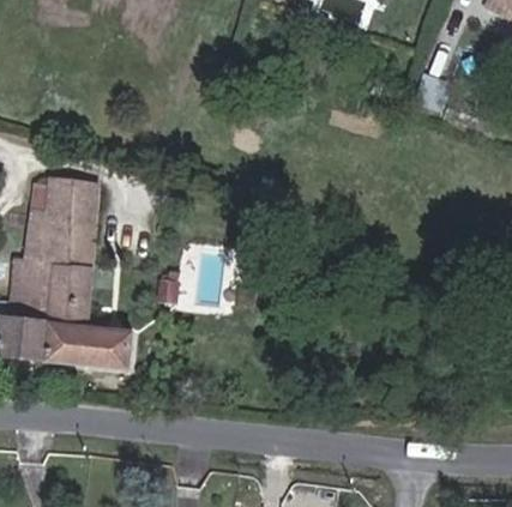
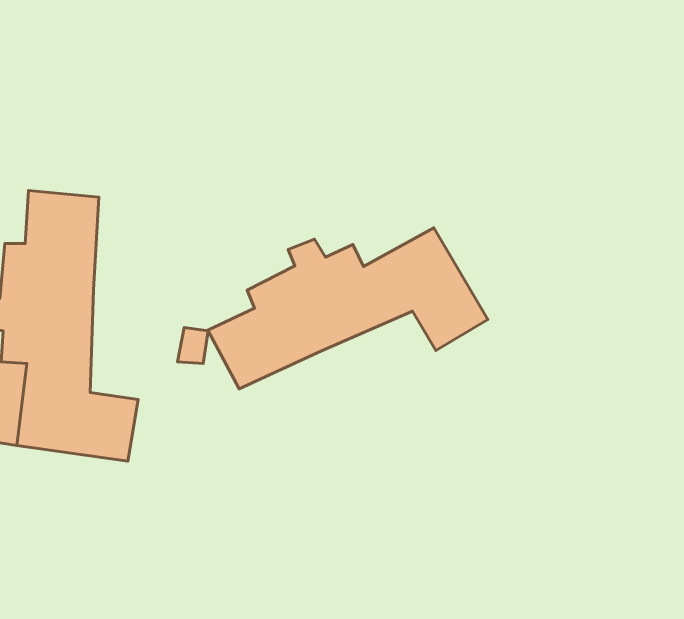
building: none -> [208,228,488,389]

